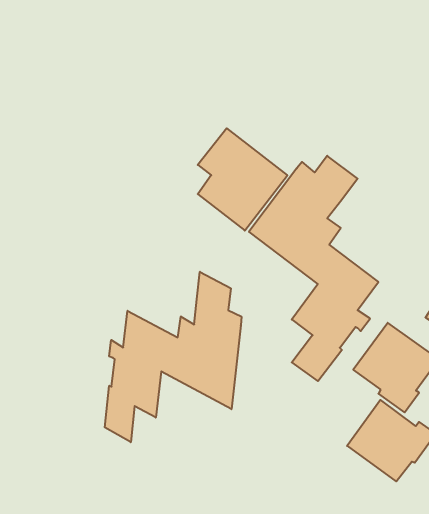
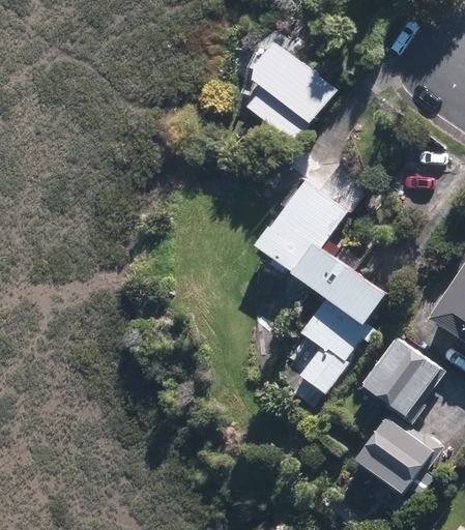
building: [198,128,287,231] -> [250,39,339,141]
building: [105,272,241,442] -> none

